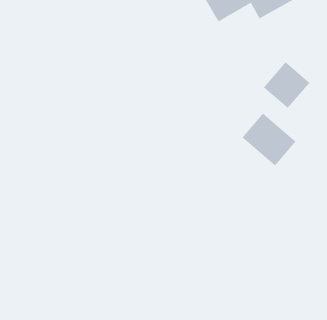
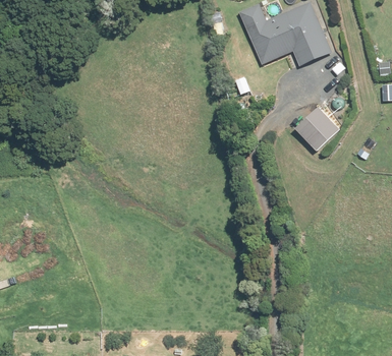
building: [241,113,297,166] -> none

